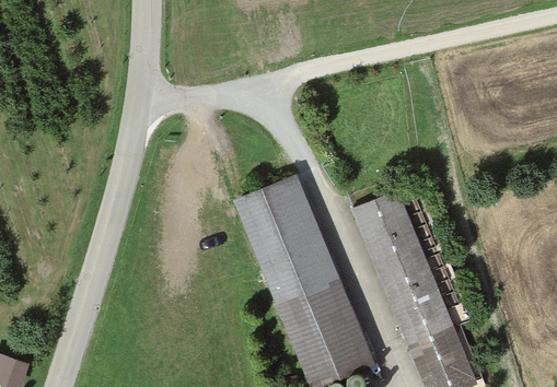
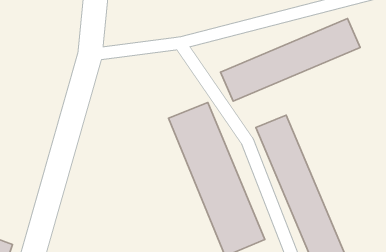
building: none -> [221,19,360,101]

